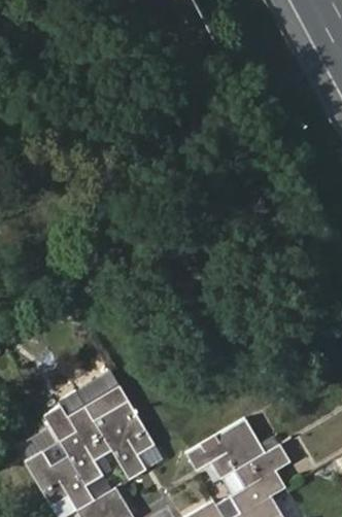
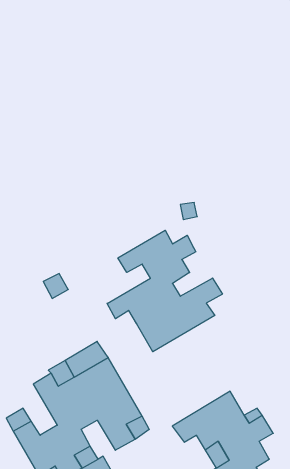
building: none -> [107,230,222,352]

